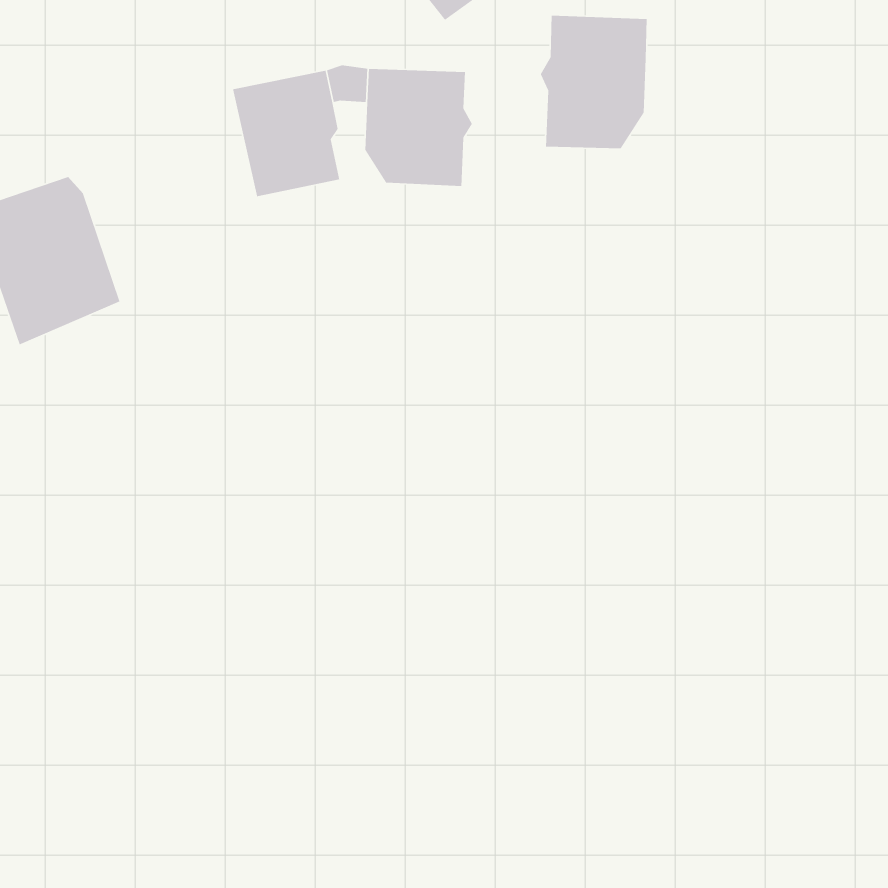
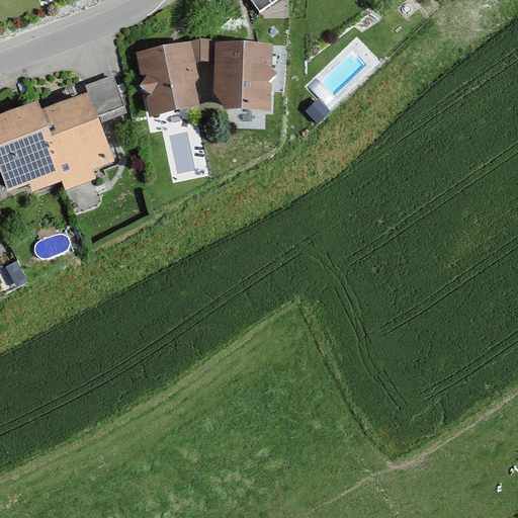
building: [540,15,648,149] -> none
building: none -> [49,71,127,175]

